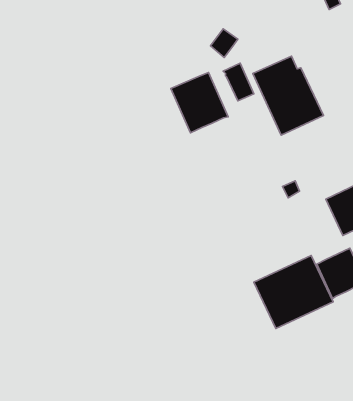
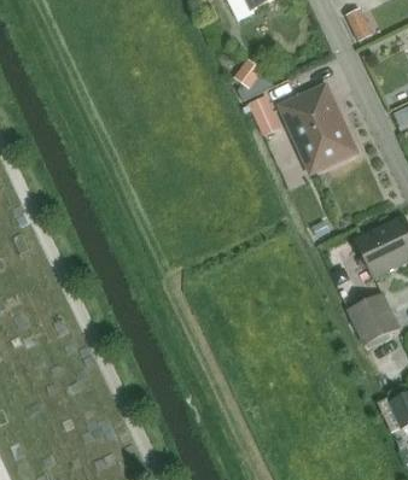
building: [171,72,228,133] -> none
building: [254,255,333,328] -> none

